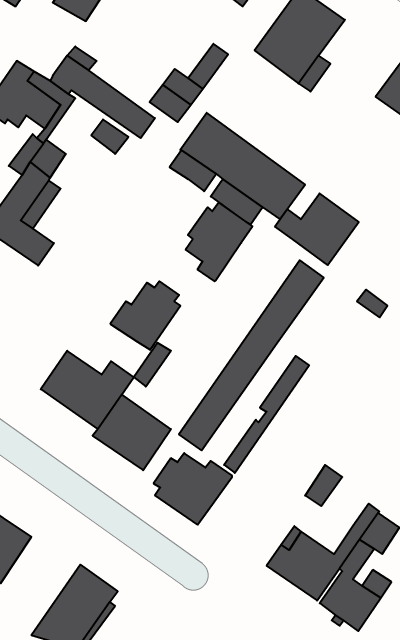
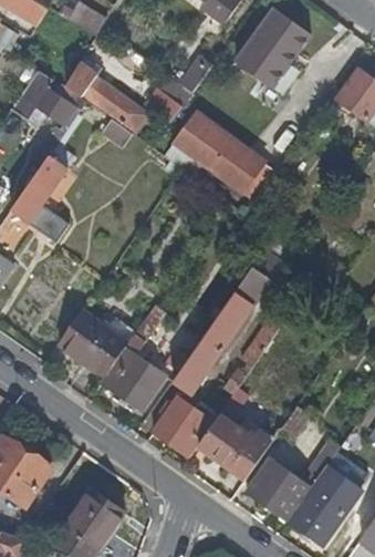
building: [275,193,359,265] -> none
building: [186,203,252,281] -> none
building: [110,281,180,350] -> none
building: none -> [197,416,272,477]

